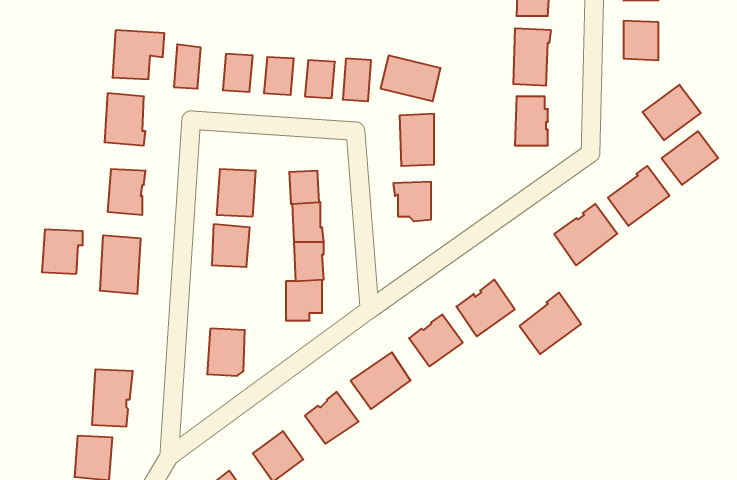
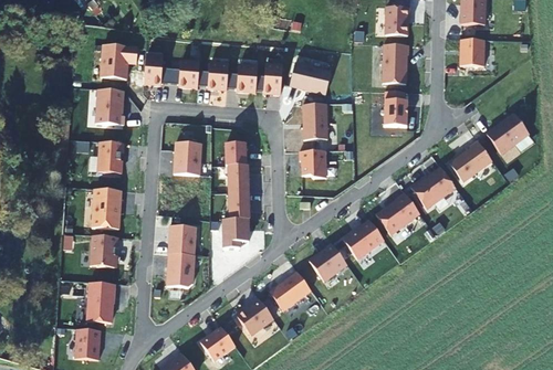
building: [643,85,701,140] -> none
building: [212,224,250,267] -> [169,225,196,255]
building: [42,229,83,274] -> [90,236,118,267]
building: [520,293,581,354] -> [375,192,418,235]

